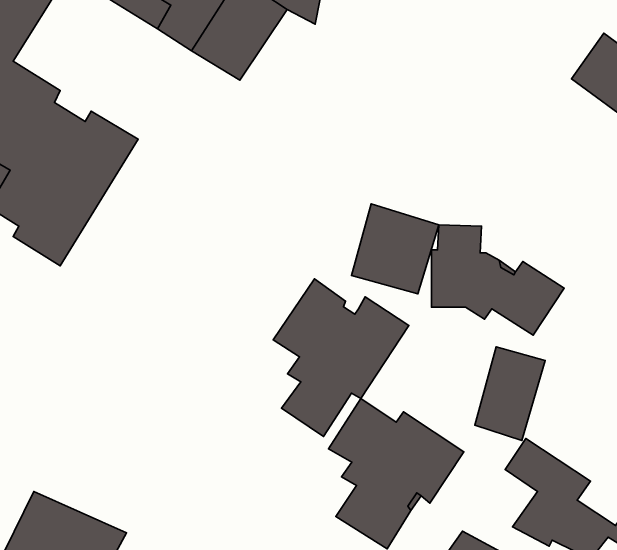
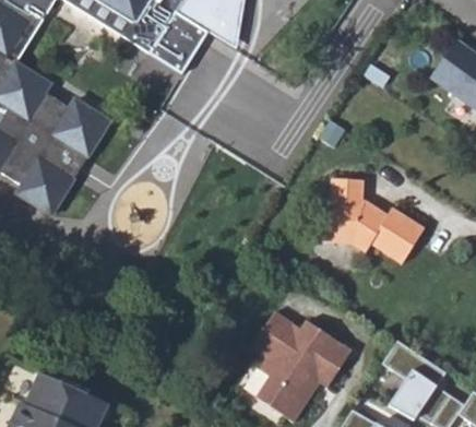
building: [352,204,439,294] -> none
building: [273,279,409,436] -> none
building: [475,347,545,441] -> none

